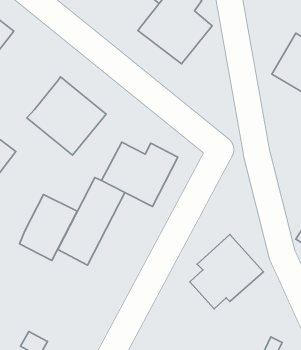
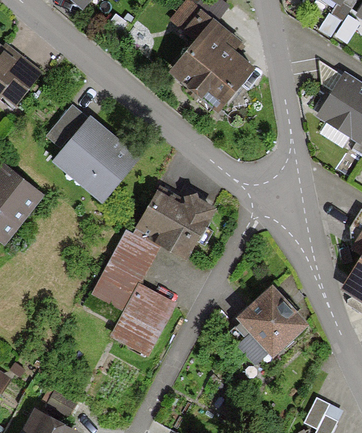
building: none -> [46,108,88,153]
building: [19,194,77,261] -> [113,281,175,352]

